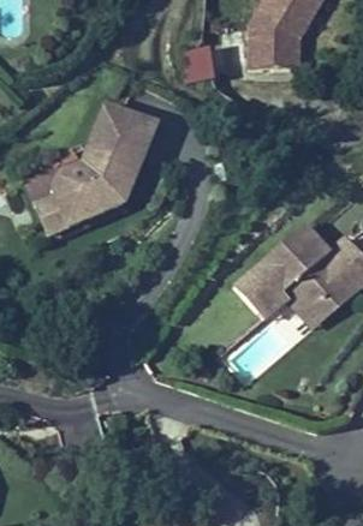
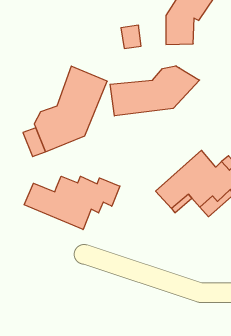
building: none -> [110,66,200,116]
building: none -> [24,176,120,230]

